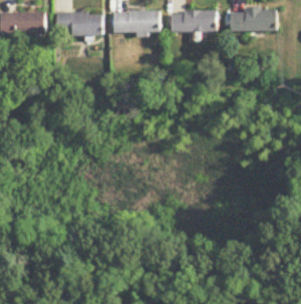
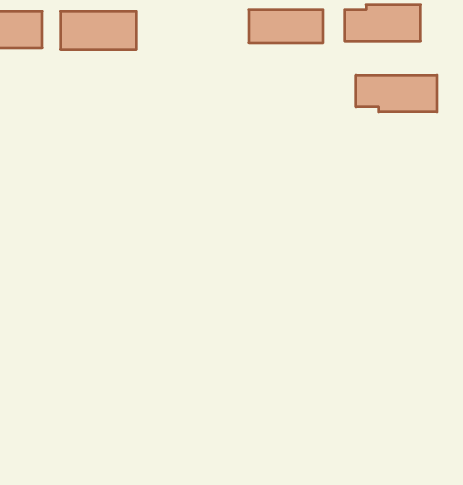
building: [112,12,159,34] -> none
building: none -> [356,75,437,112]

